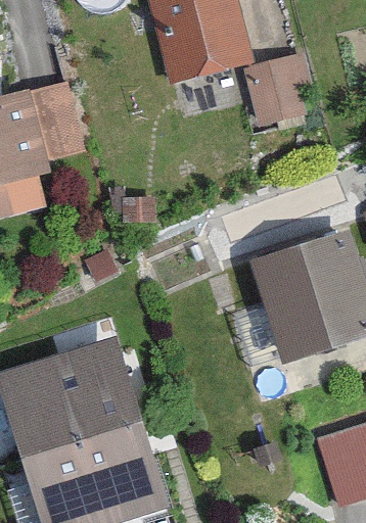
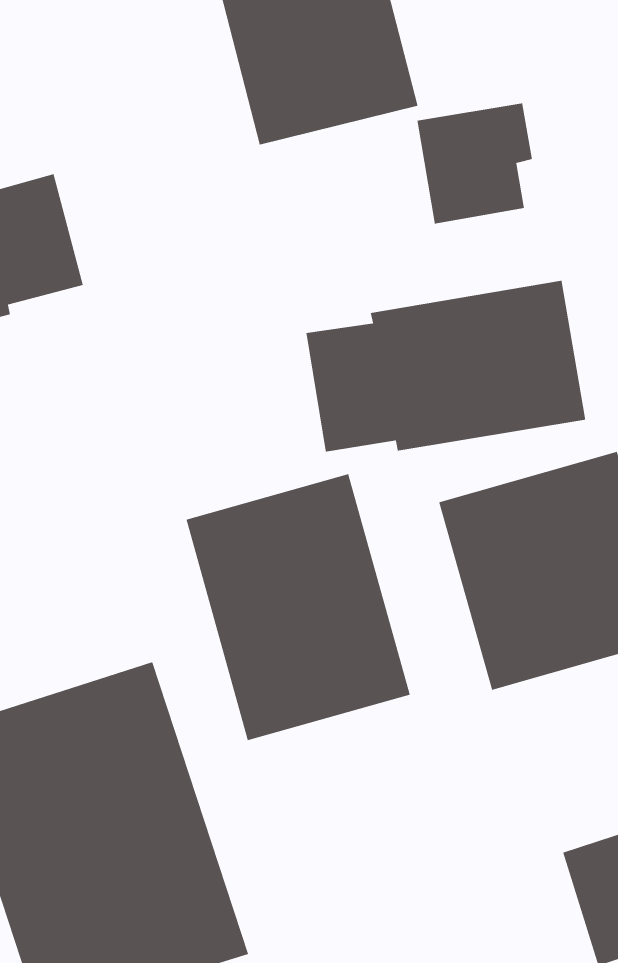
building: none -> [306,280,586,452]
building: none -> [185,473,411,741]

